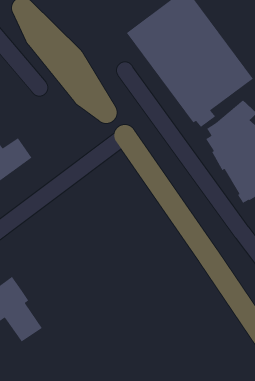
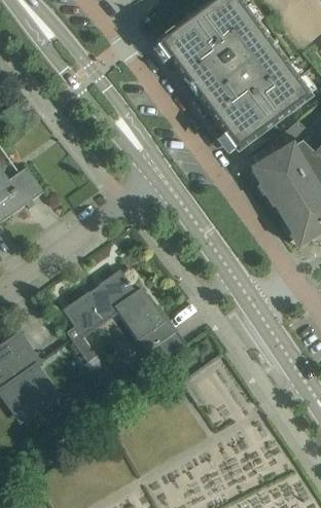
building: none -> [63,270,183,362]

